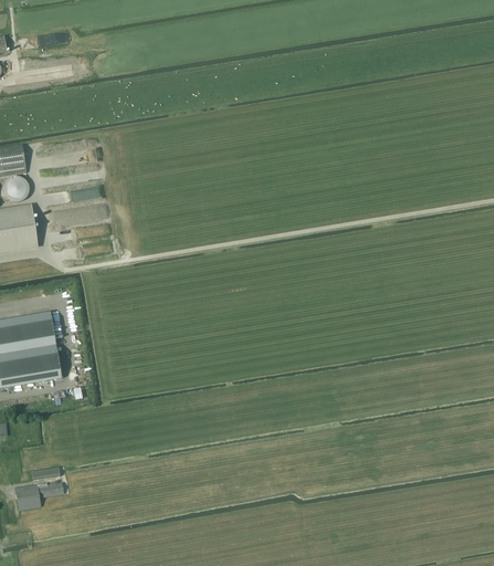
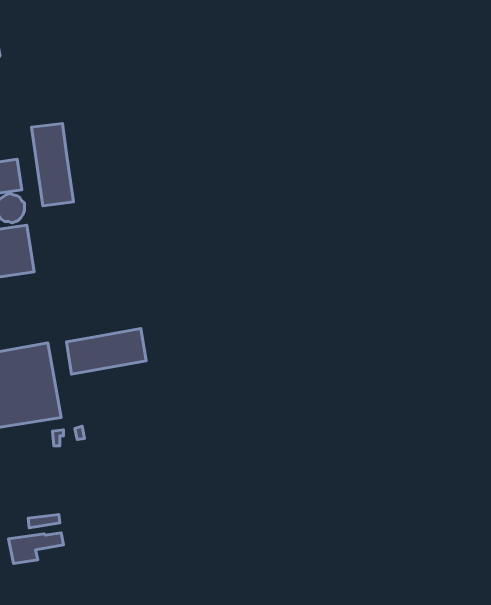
building: none -> [32,123,74,206]
building: none -> [66,328,146,374]

